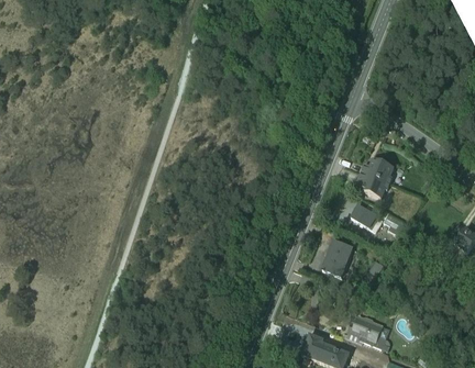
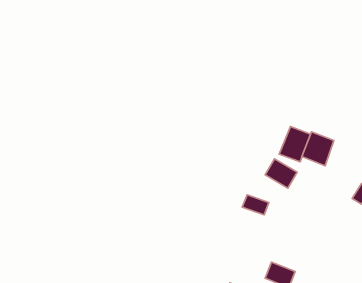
building: none -> [302,132,334,166]
building: [314,252,345,276] -> none

